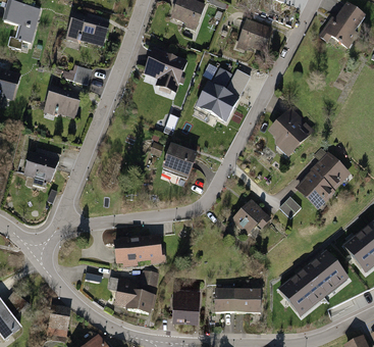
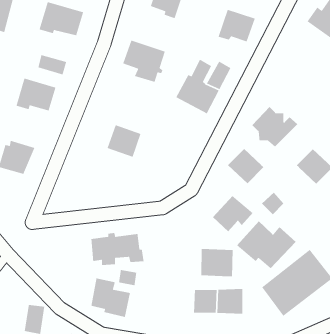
building: [162,145,196,178] -> [107,124,142,158]
building: [297,172,332,207] -> [227,148,264,184]
building: none -> [236,220,296,269]
building: none -> [200,248,233,277]
building: [170,288,198,319] -> none

